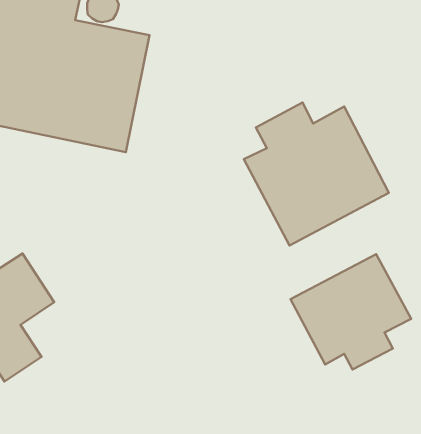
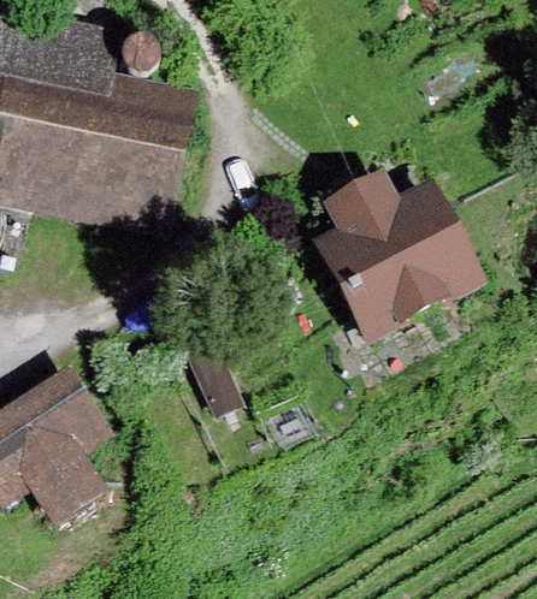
building: [291,254,411,370] -> none

